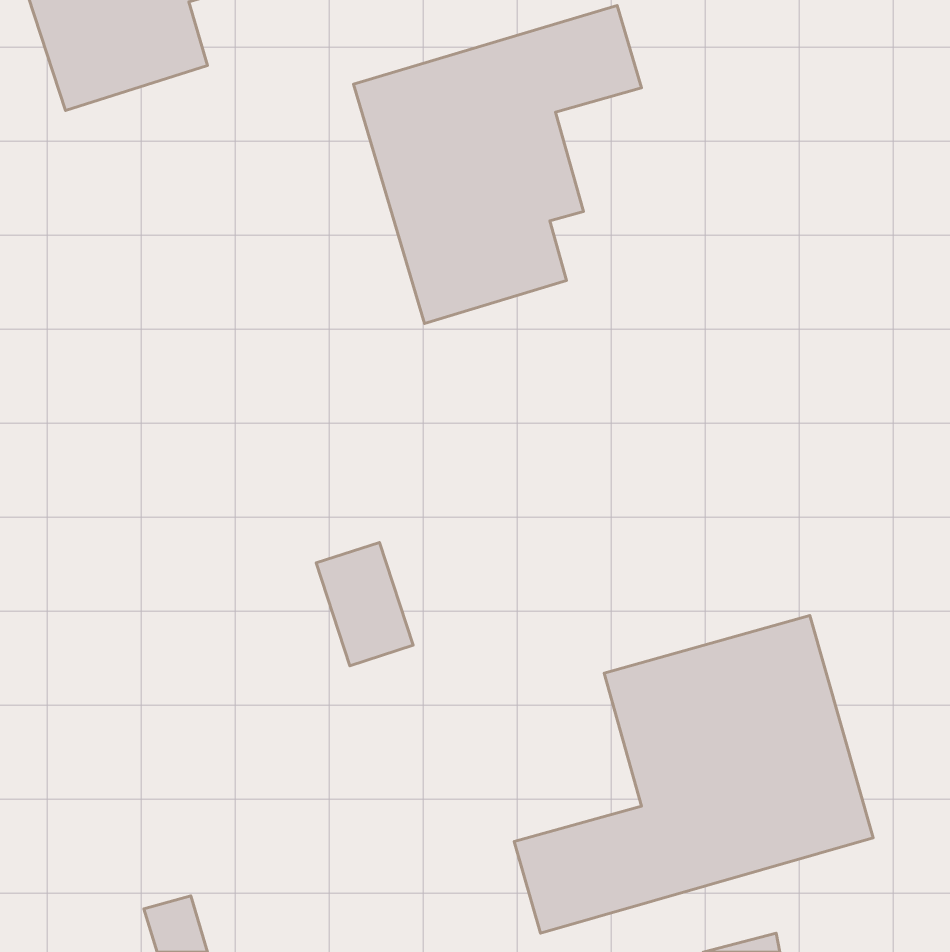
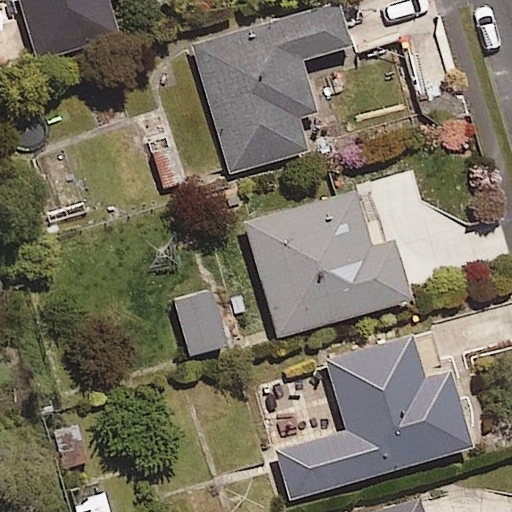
building: none -> [246,187,404,336]

